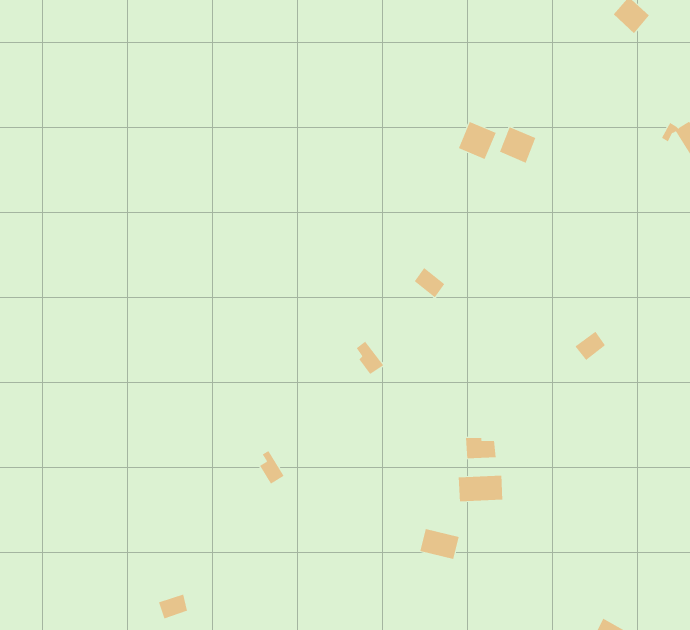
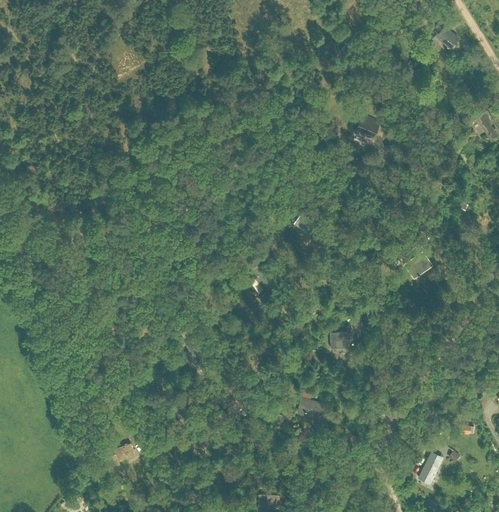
building: [458,121,496,160] -> none
building: [458,475,503,502] -> none

